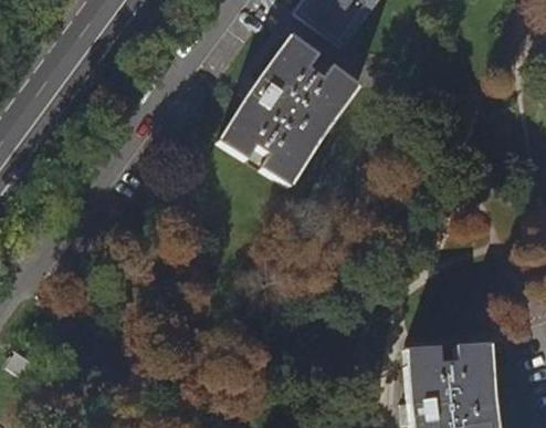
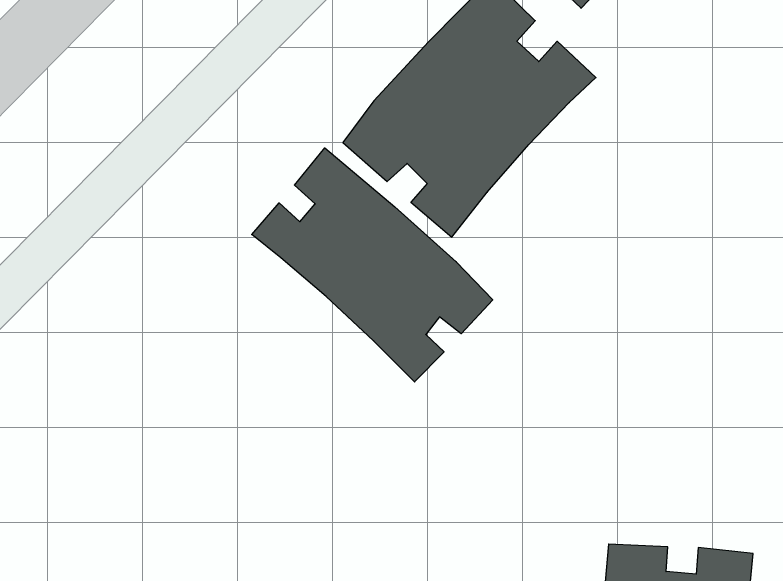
building: none -> [252,148,493,382]

